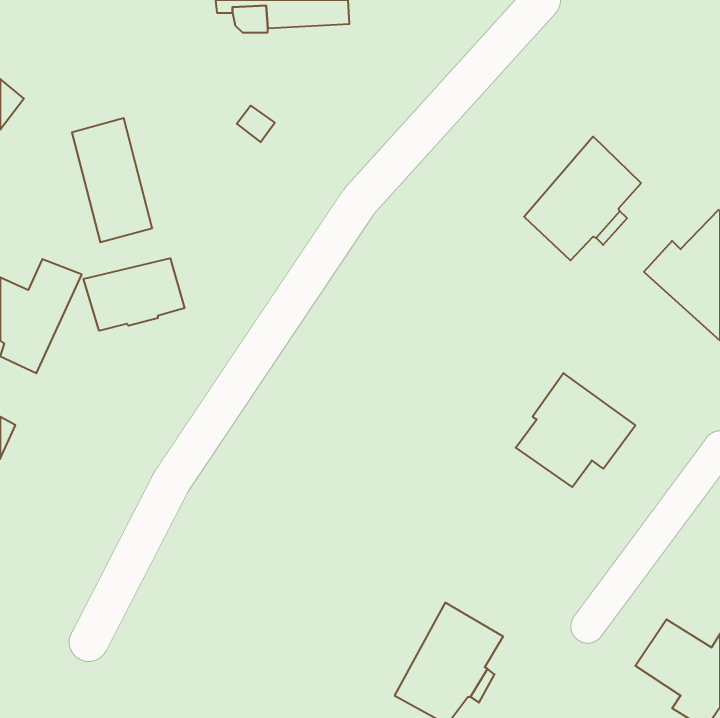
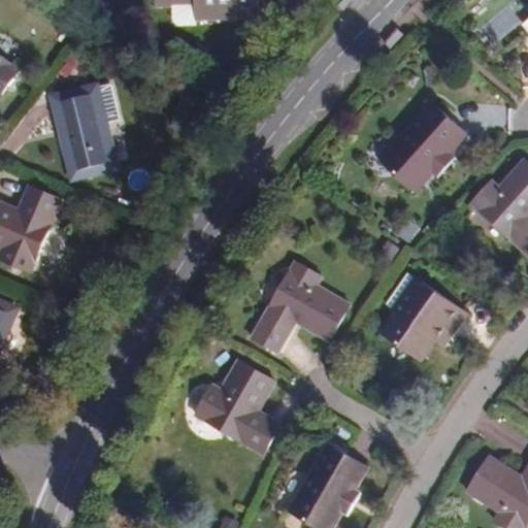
building: [84,258,184,331] -> none
building: none -> [249,261,346,352]
building: none -> [194,359,277,454]

